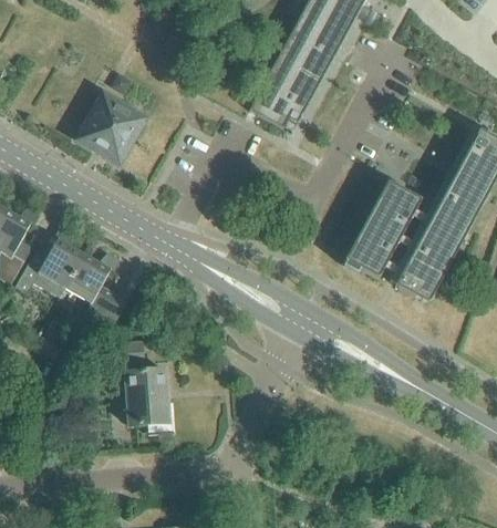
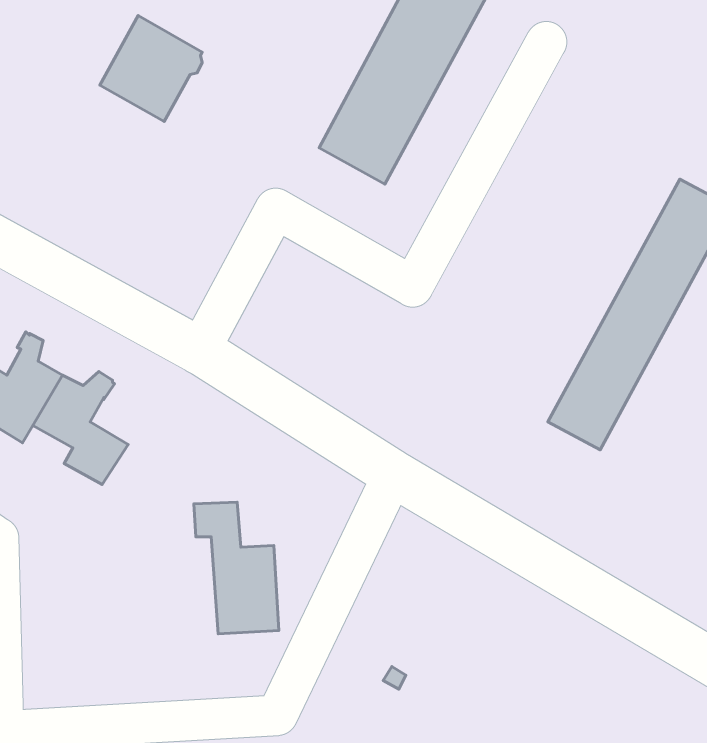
building: [77,96,143,164] -> [100,16,202,121]
building: [343,182,420,279] -> none
building: [113,342,167,426] -> [194,502,279,634]

